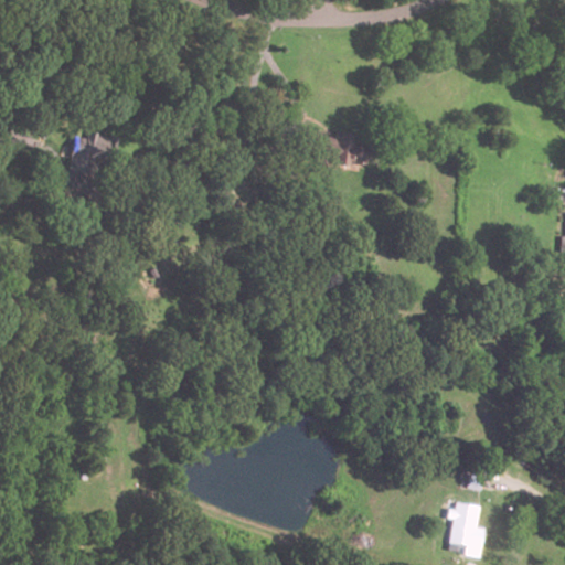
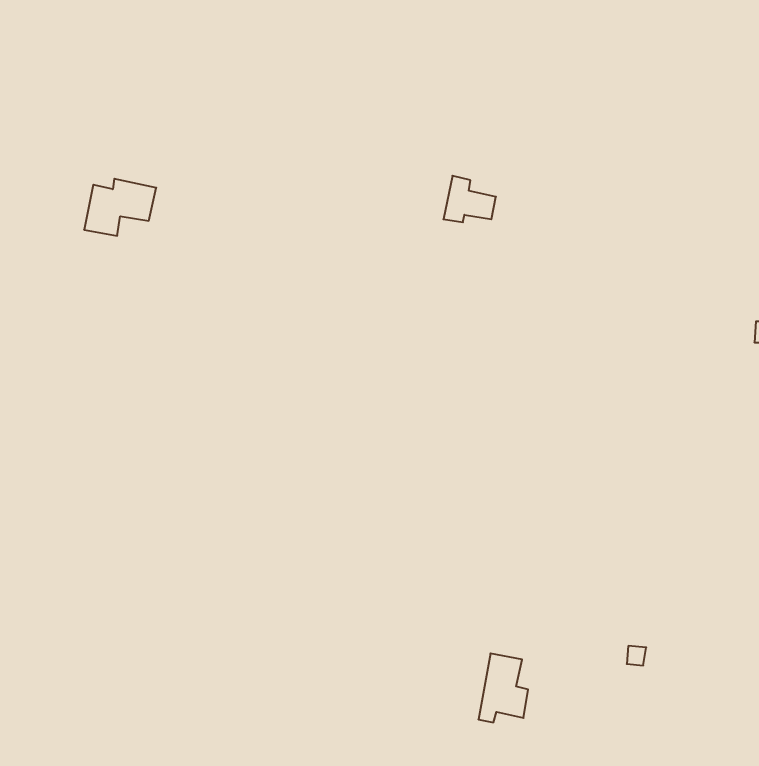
building: [447,502,483,553] -> [478,653,528,722]

